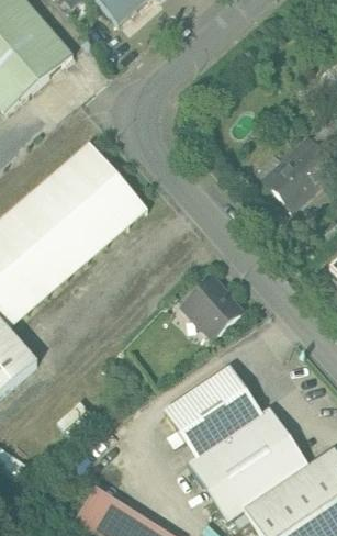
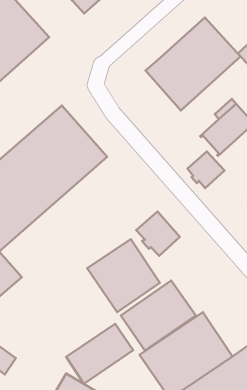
building: none -> [145,17,240,111]
building: none -> [188,152,225,188]
building: none -> [87,239,160,312]
building: none -> [66,324,133,384]

